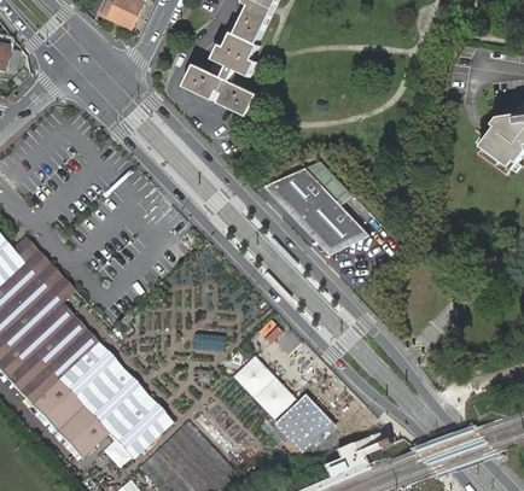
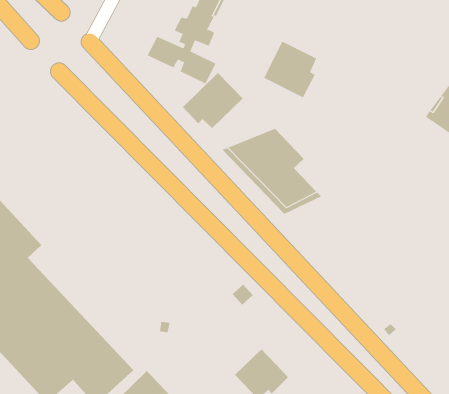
building: none -> [264,41,317,98]
building: none -> [182,72,243,129]
building: [231,353,295,417] -> none

